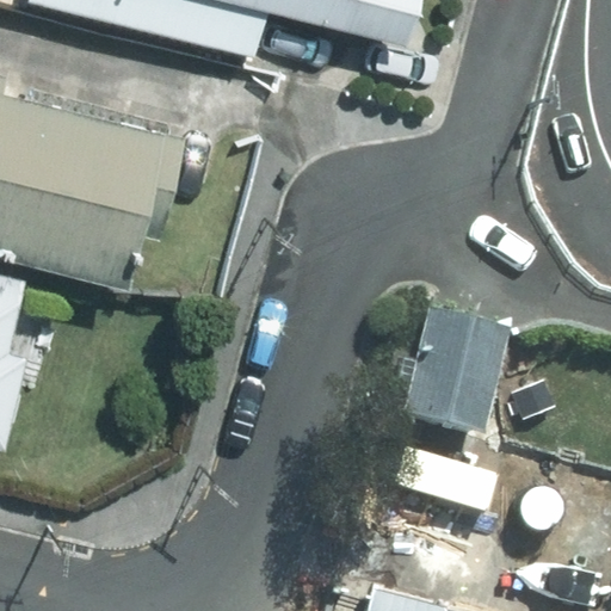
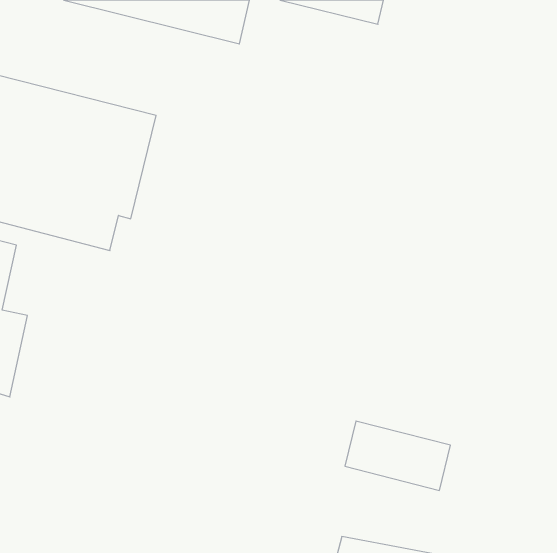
building: [394,304,512,446] -> none

